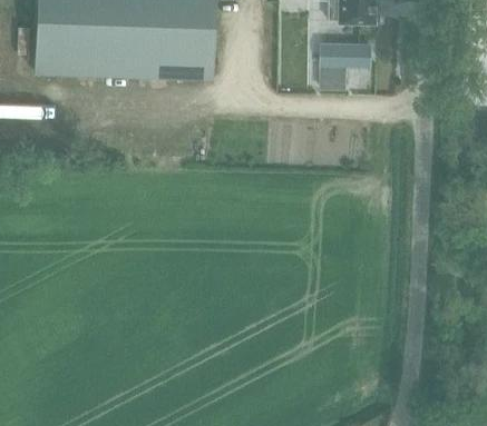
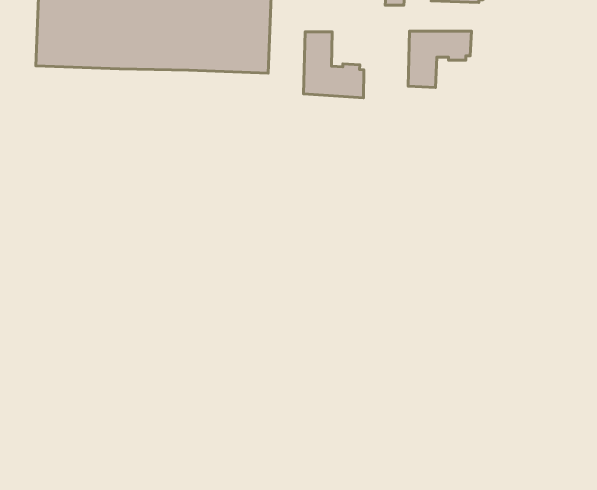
building: none -> [303,32,364,98]

